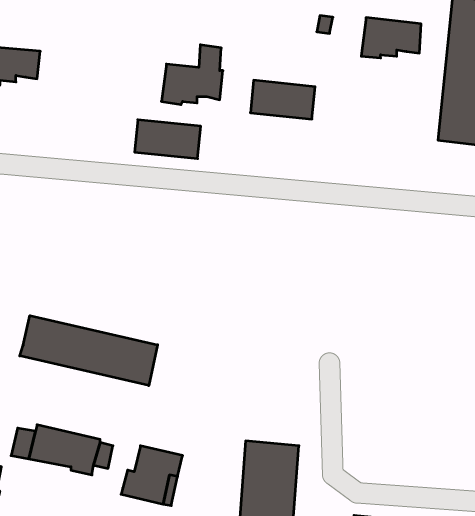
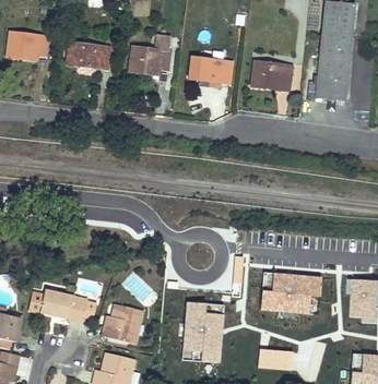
building: [361,18,421,58] -> [251,60,292,87]
building: [135,120,201,159] -> [67,44,111,70]
building: [20,316,158,386] -> none
building: none -> [261,273,320,314]

